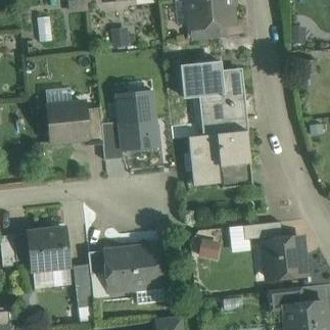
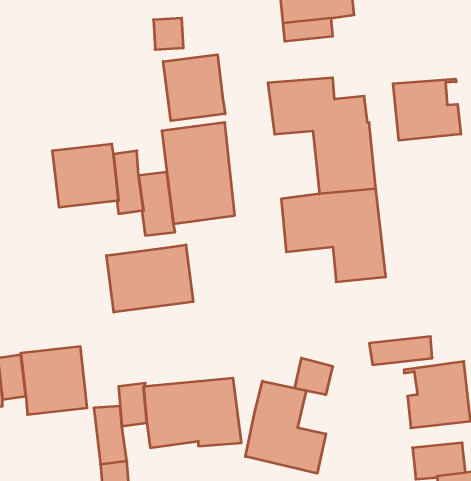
building: none -> [163,55,225,121]
building: none -> [393,79,461,140]
building: none -> [106,245,193,312]
building: none -> [245,381,326,473]

